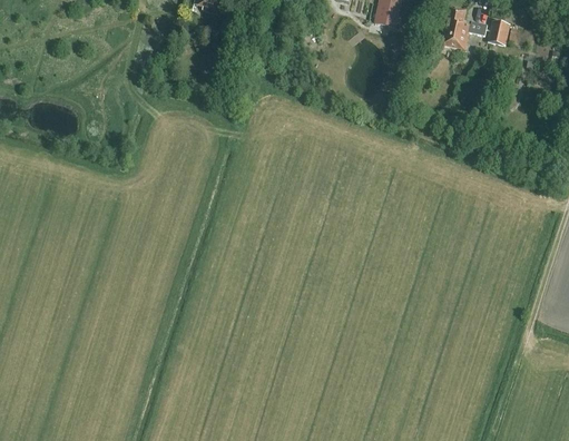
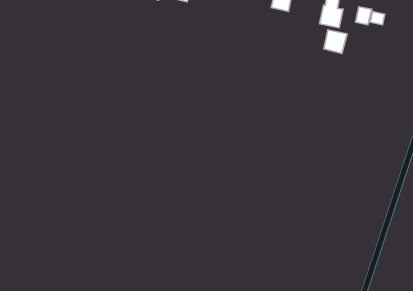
building: none -> [324,30,347,53]

